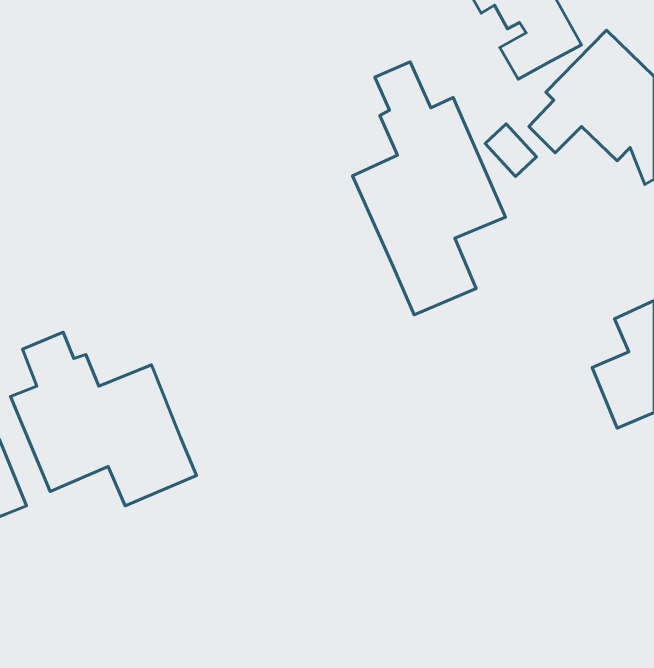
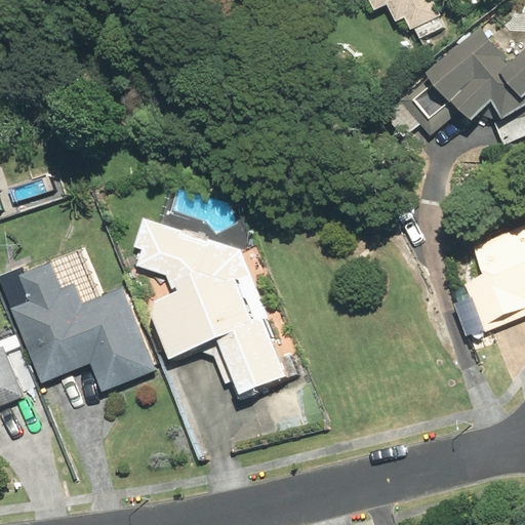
building: [353,62,506,315] -> none
building: none -> [129,217,292,395]

